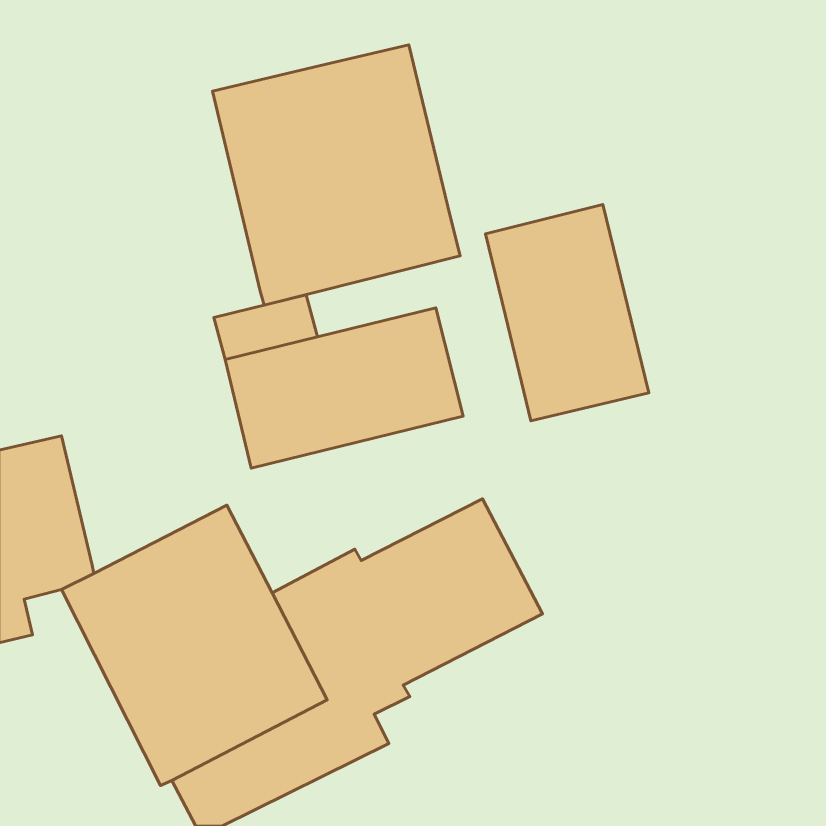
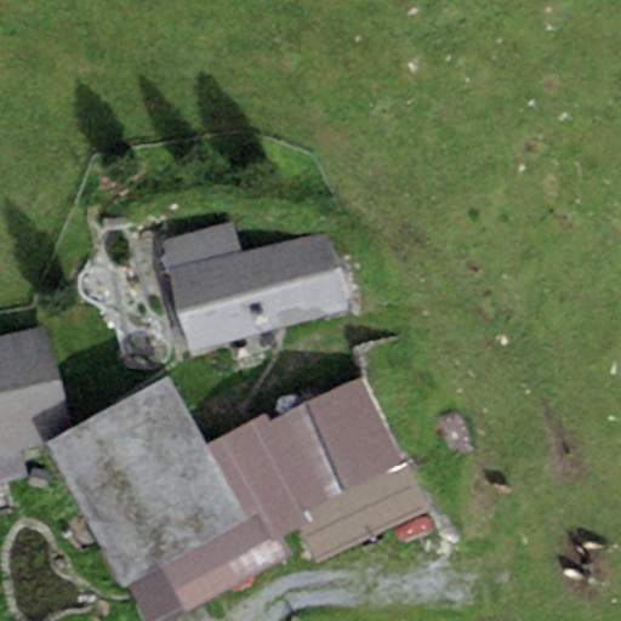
building: [213,45,460,305] -> none
building: [486,205,649,421] -> none

